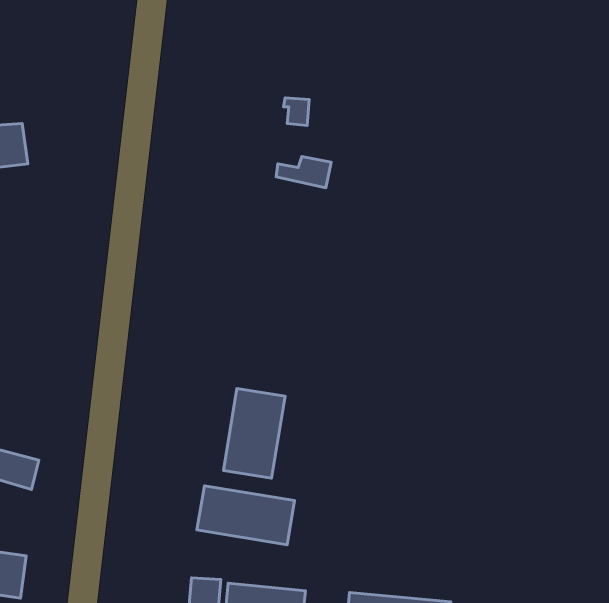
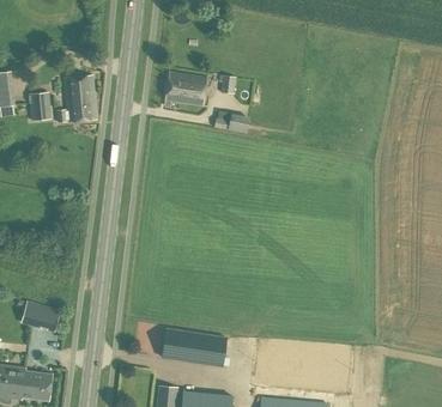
building: none -> [164,71,206,104]
building: none -> [56,74,97,121]
building: [224,388,285,478] -> none

